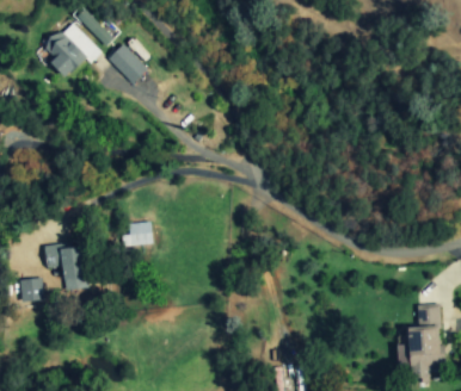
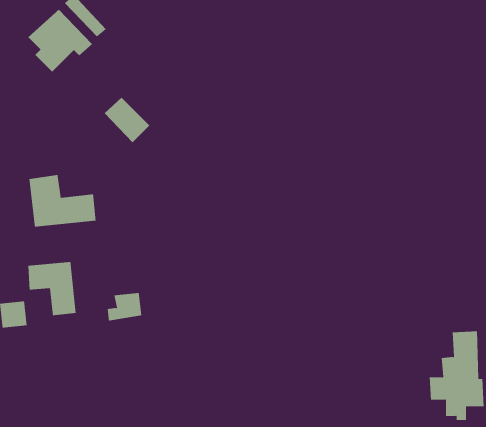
building: [107,44,148,85] -> [104,97,150,143]
building: none -> [29,174,96,228]
building: [122,222,153,247] -> [107,293,142,321]

